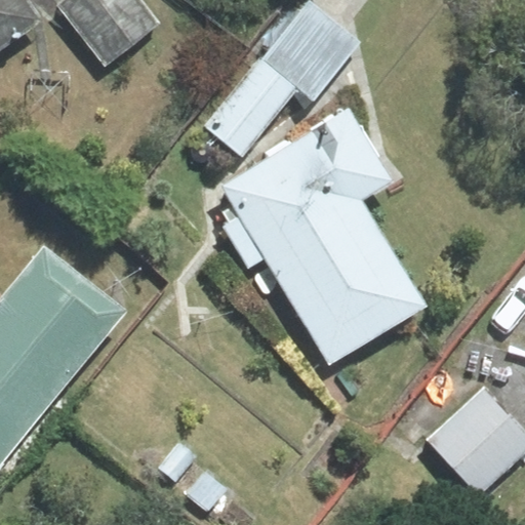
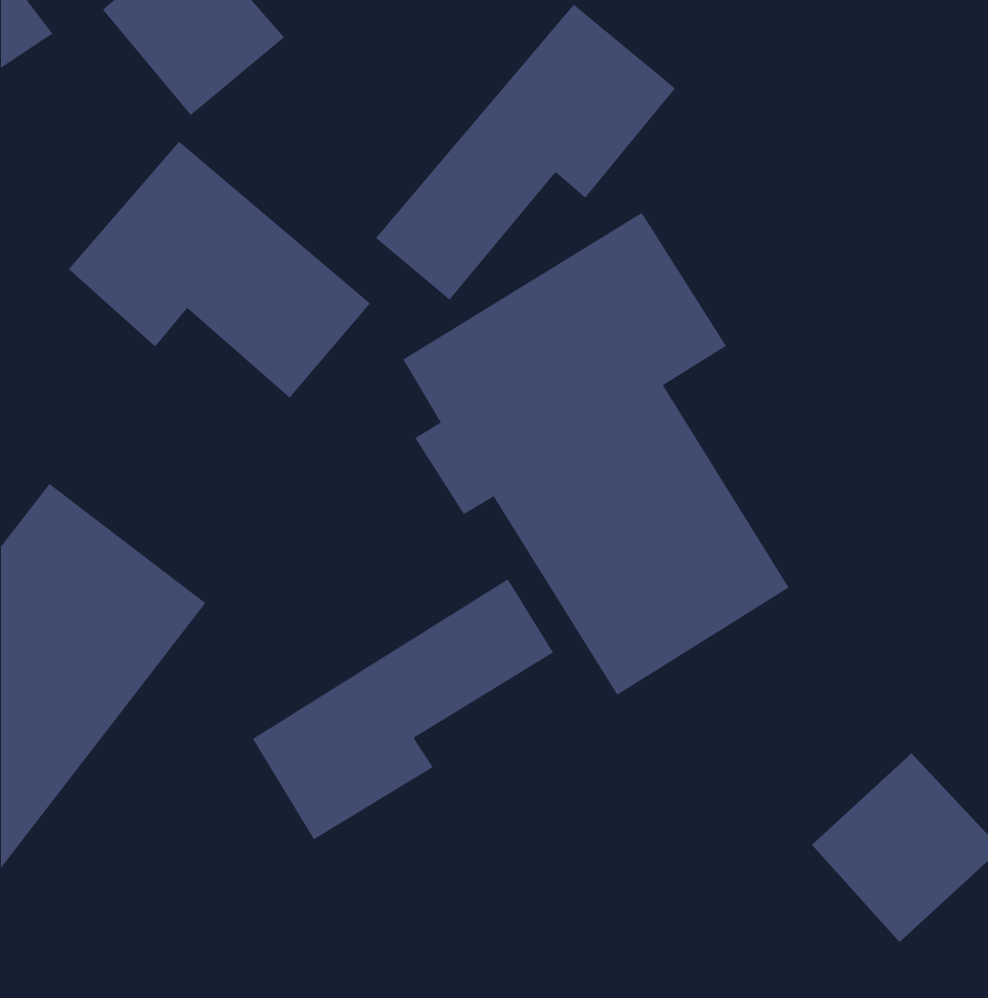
building: none -> [68,141,371,398]
building: none -> [252,579,554,840]

